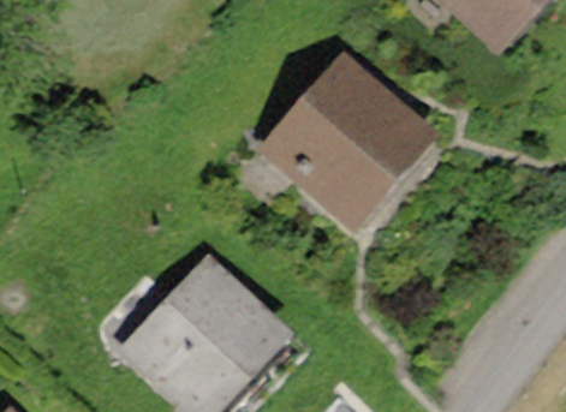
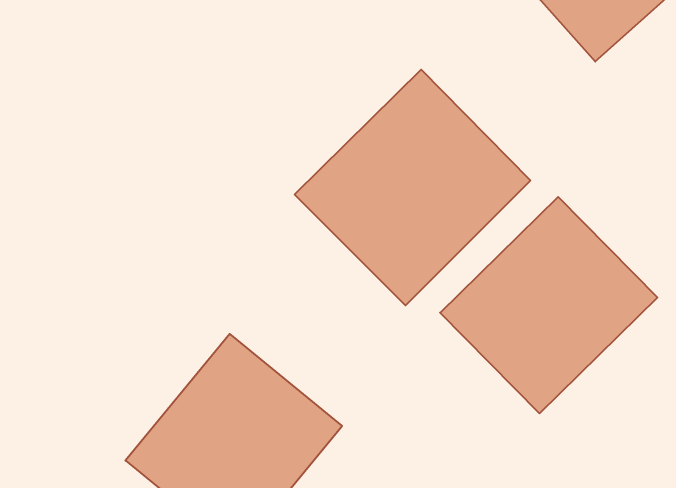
building: none -> [440,197,657,413]

